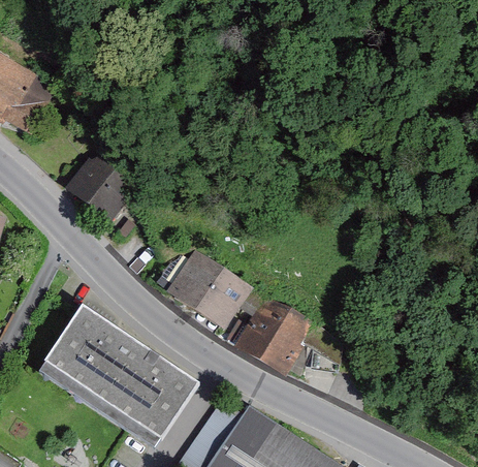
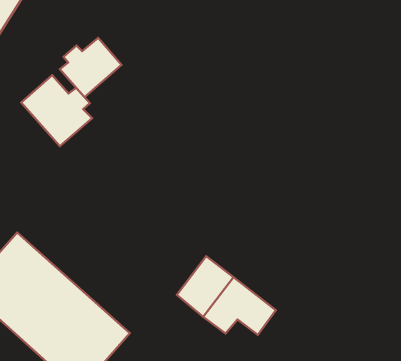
building: none -> [60,38,122,97]
building: [167,250,250,328] -> none

